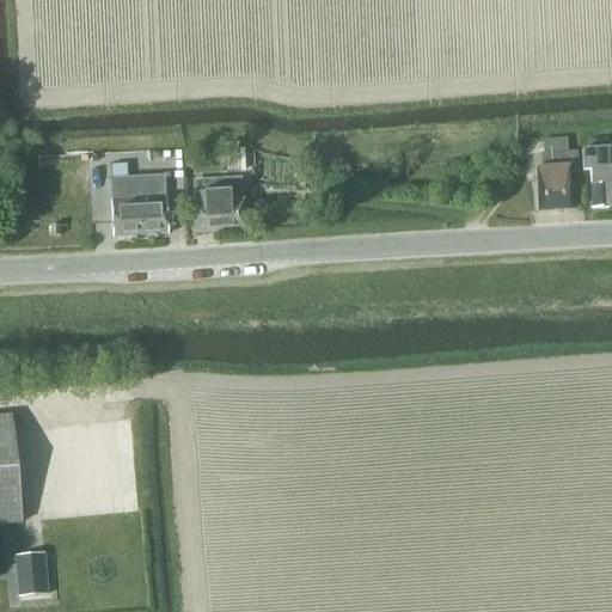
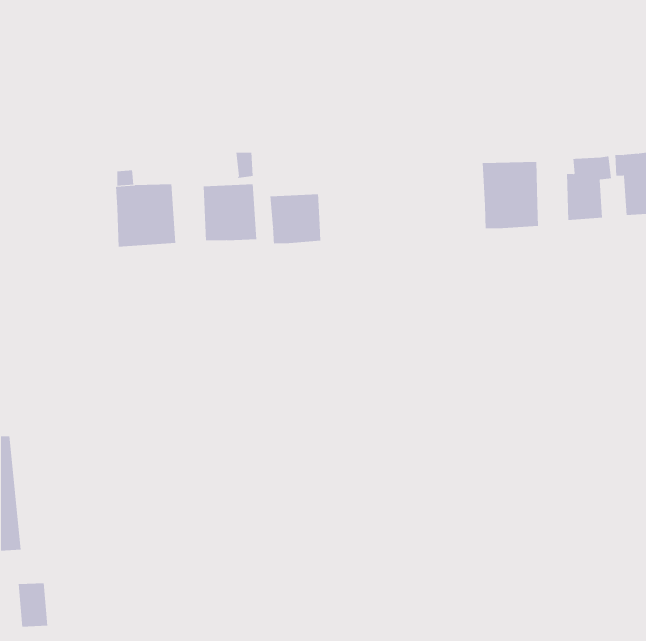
building: none -> [482,161,539,229]
building: none -> [270,193,321,244]

